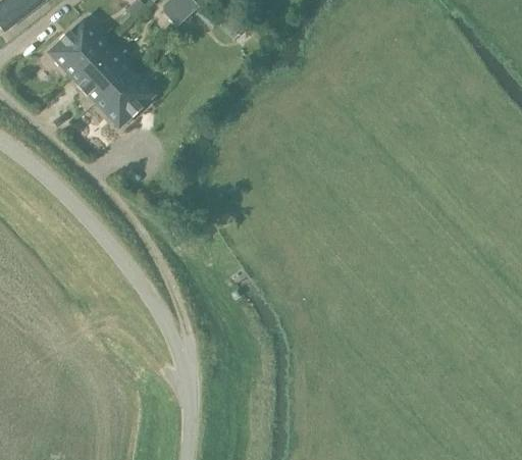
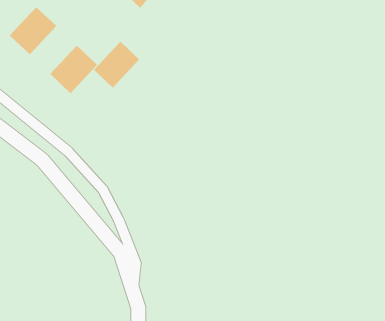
building: [71,43,129,101] -> [93,41,140,89]

